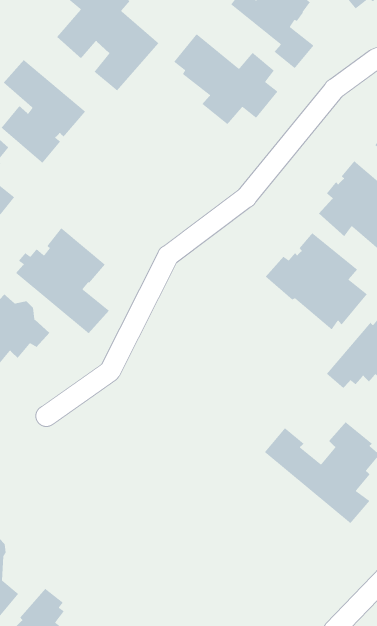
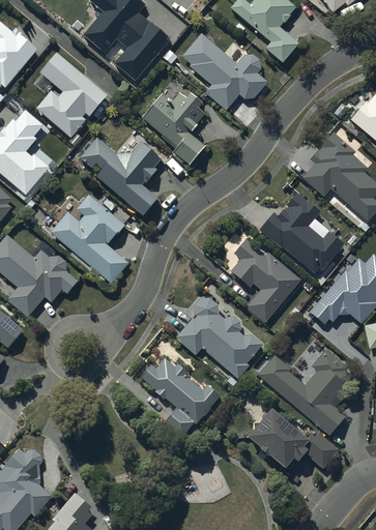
building: none -> [142,89,206,161]
building: none -> [83,138,162,214]
building: none -> [227,239,301,325]
building: none -> [176,299,263,380]
building: none -> [140,360,219,439]
building: none -> [245,411,340,473]

